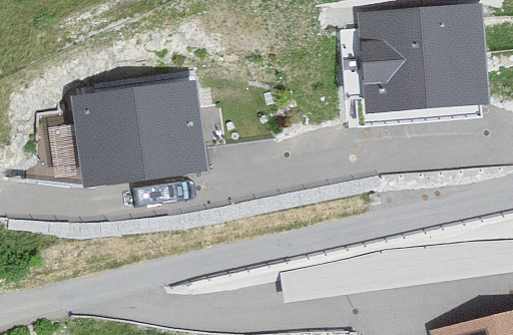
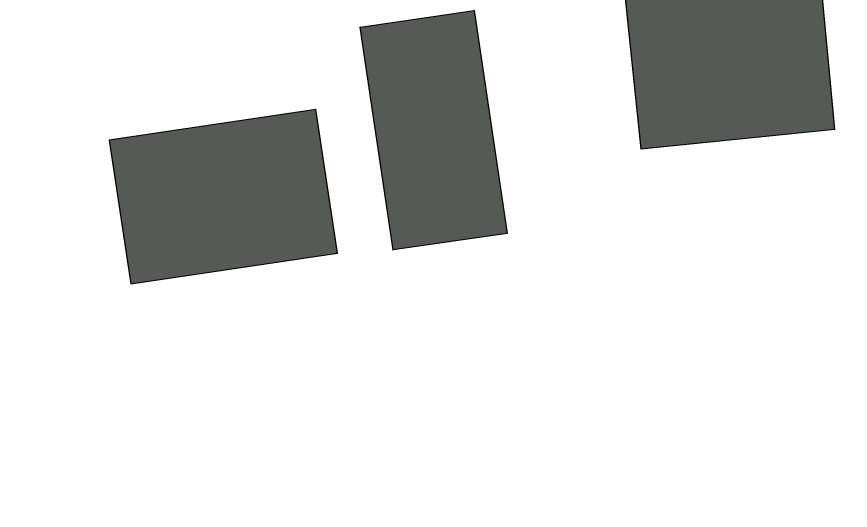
building: none -> [360,10,507,250]

